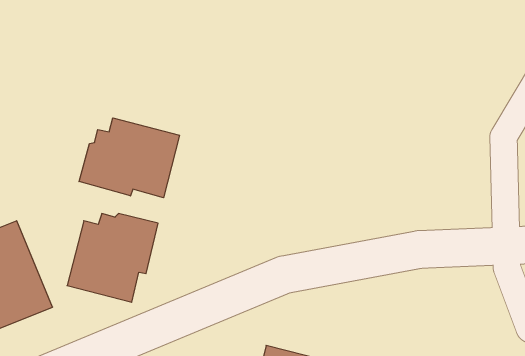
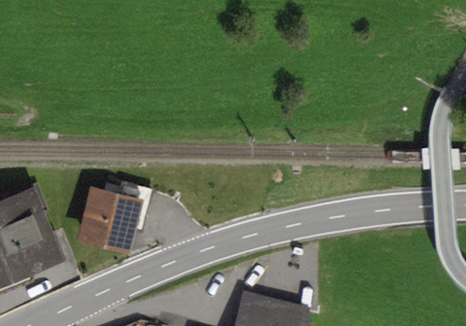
building: [79,118,180,198] -> none

